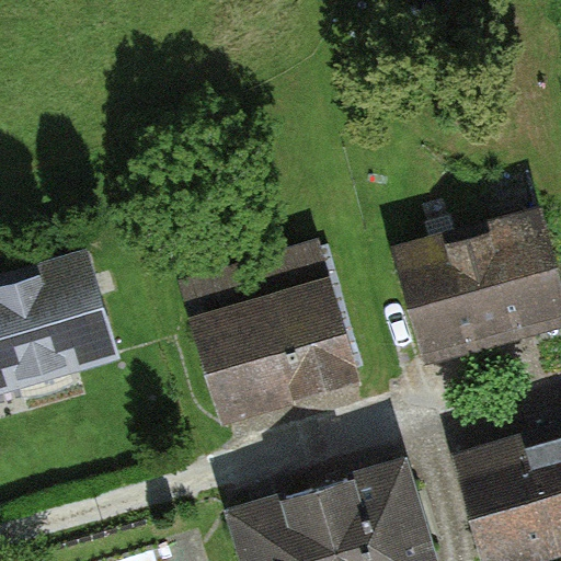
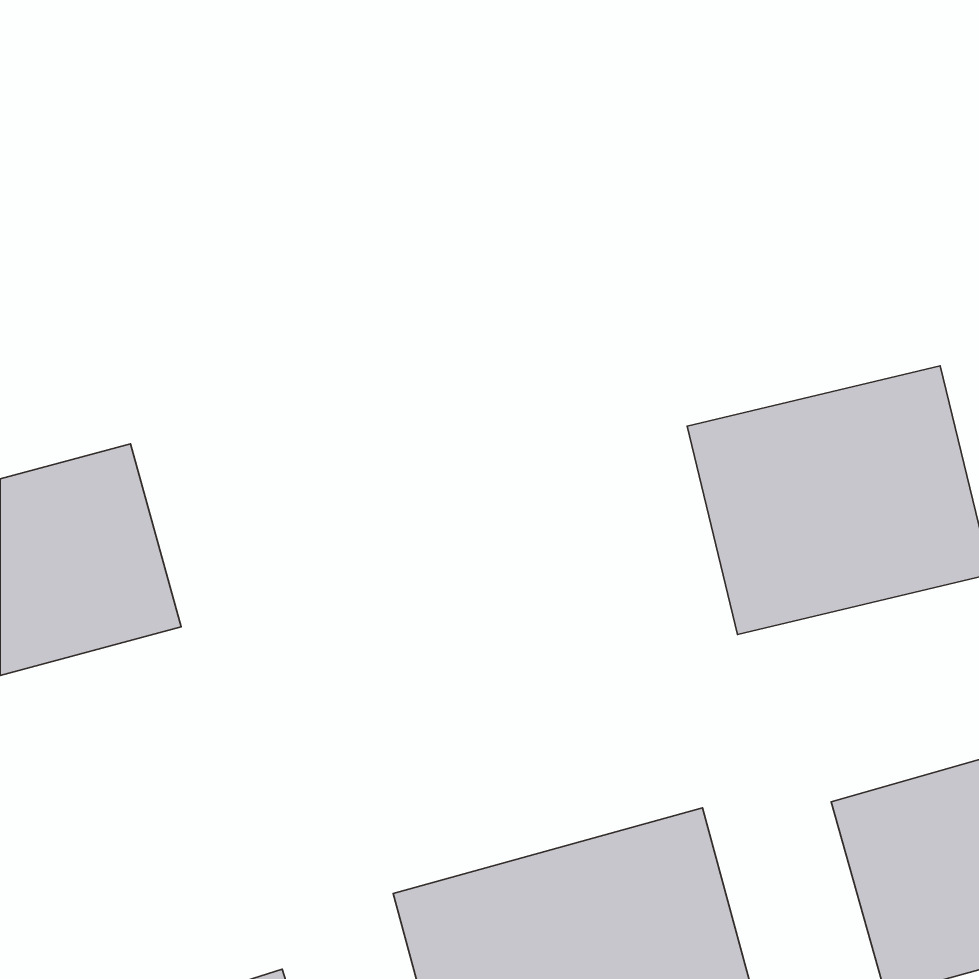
building: [194,247,353,415] -> none

